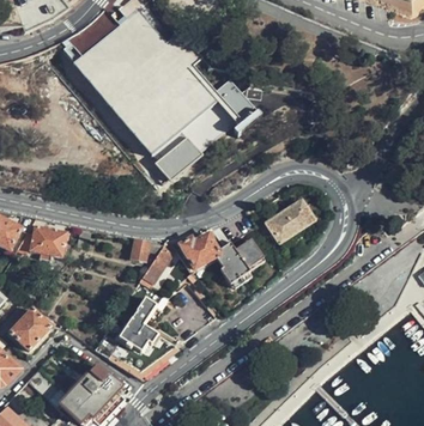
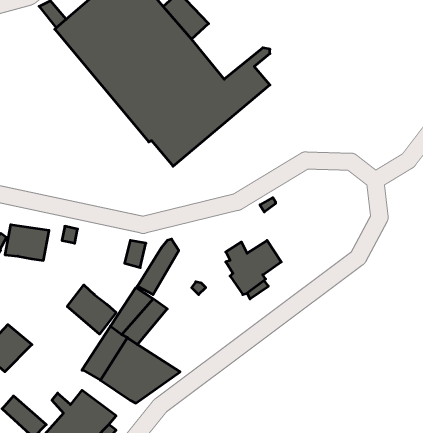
building: [271,200,311,243] -> none
building: [180,235,219,269] -> none
building: none -> [67,285,116,334]

